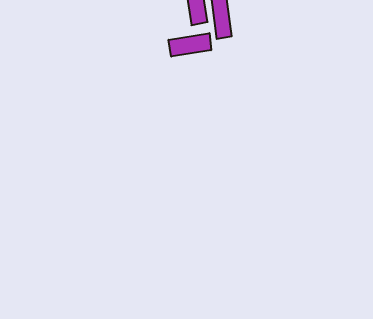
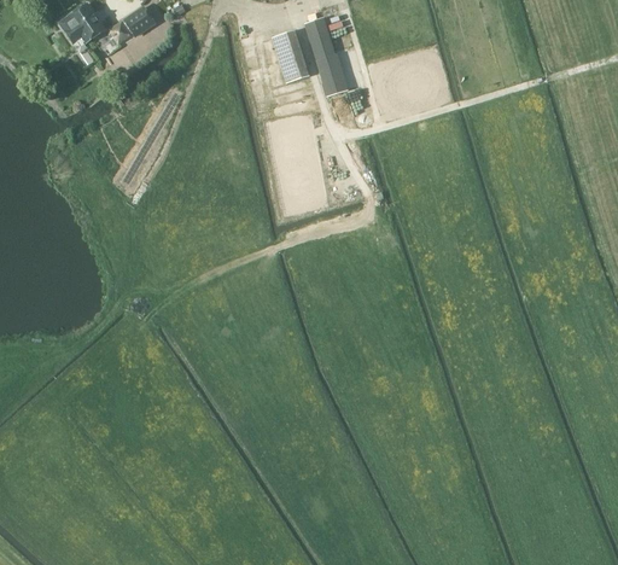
building: [169,33,211,57] -> none

